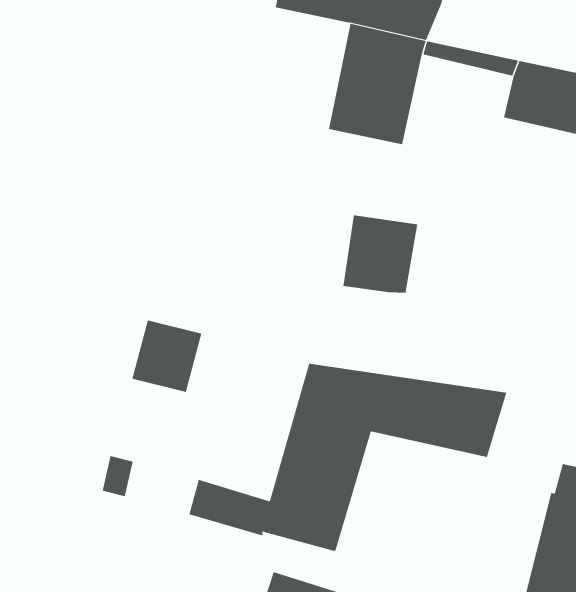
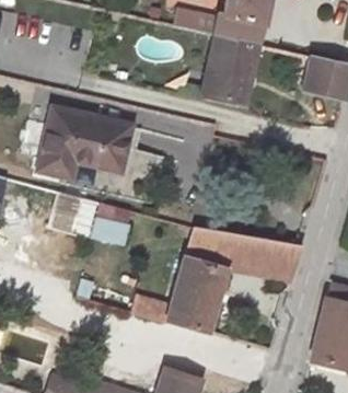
building: none -> [36,107,130,178]
building: [343,215,418,294] -> none

